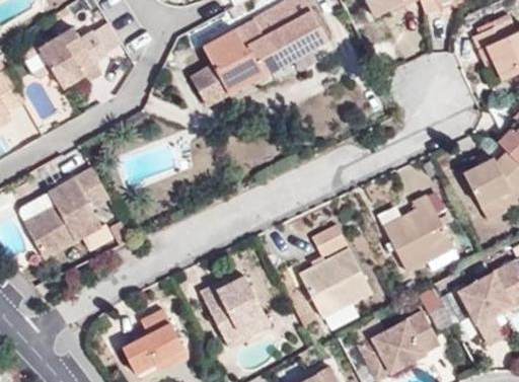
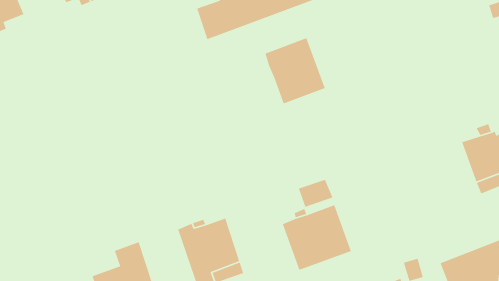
building: none -> [264,37,326,104]
building: [25,167,109,257] -> none
building: [382,196,453,273] -> none

